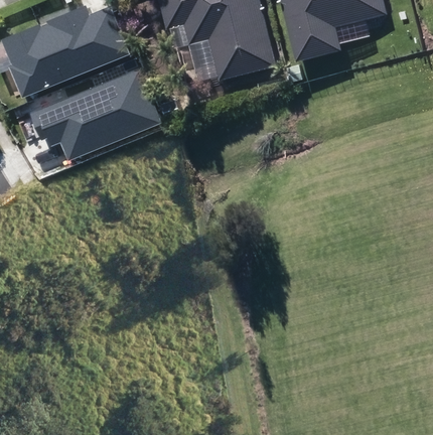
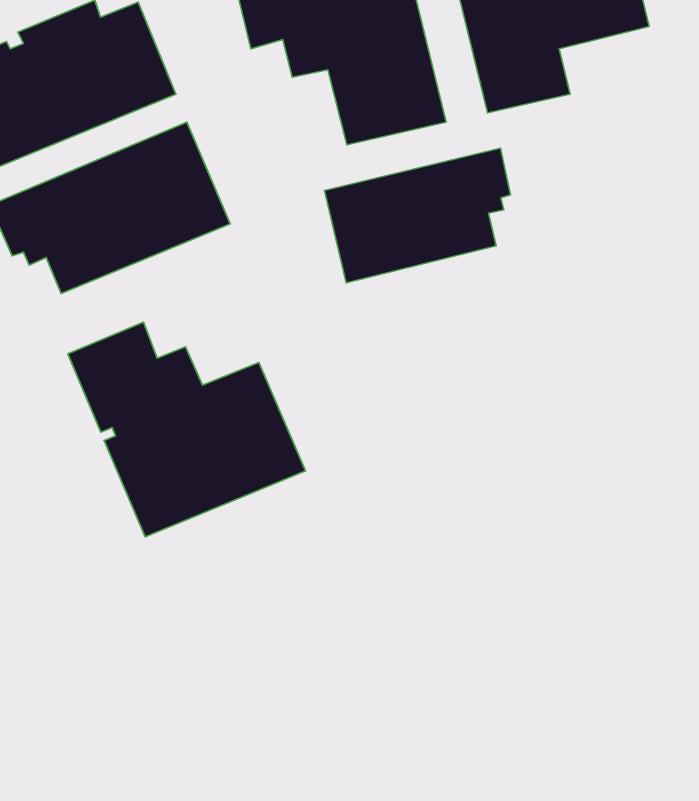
building: none -> [324,148,511,283]
building: none -> [68,322,306,537]

